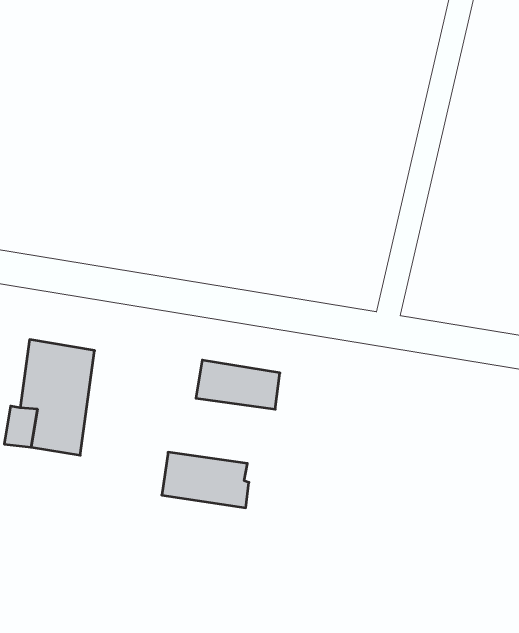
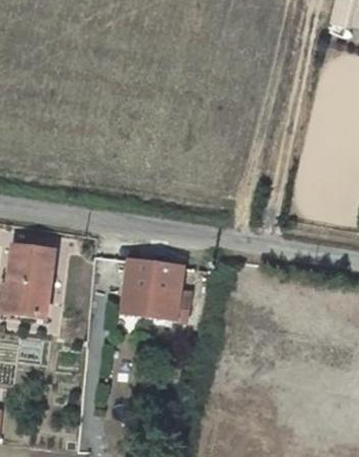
building: [162,452,249,508] -> [128,285,184,320]

